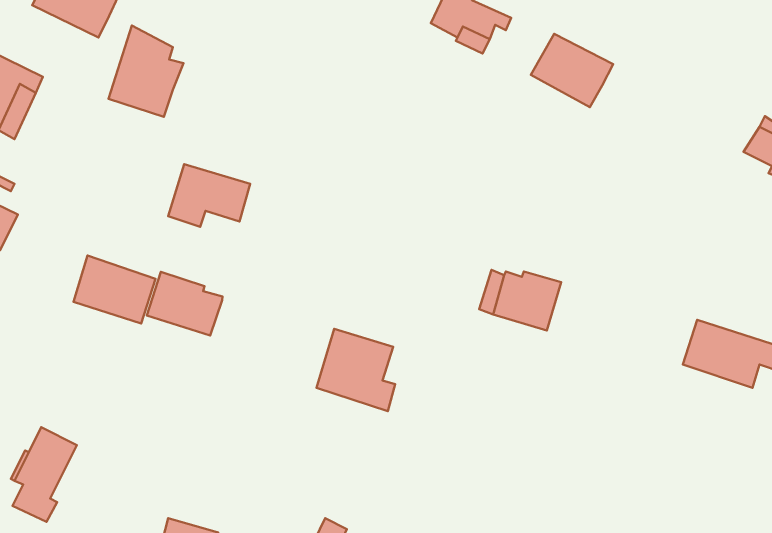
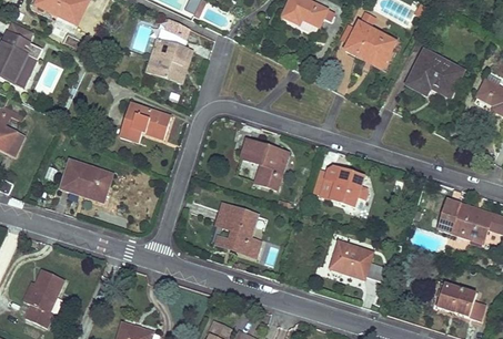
building: [109,26,184,117] -> [147,27,193,83]
building: none -> [408,50,464,96]
building: none -> [242,140,289,188]
building: [147,272,223,335] -> none
building: none -> [331,240,388,280]
building: none -> [437,283,485,319]

